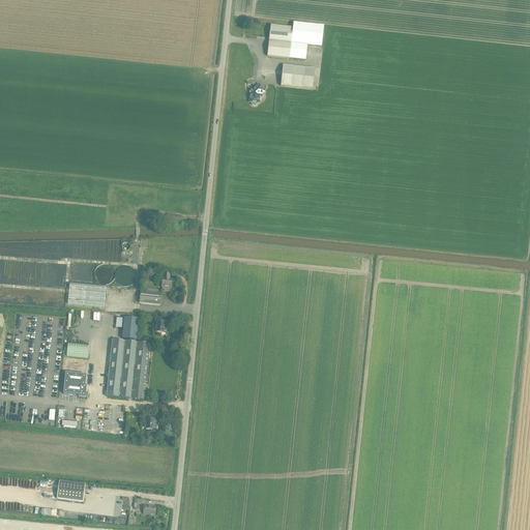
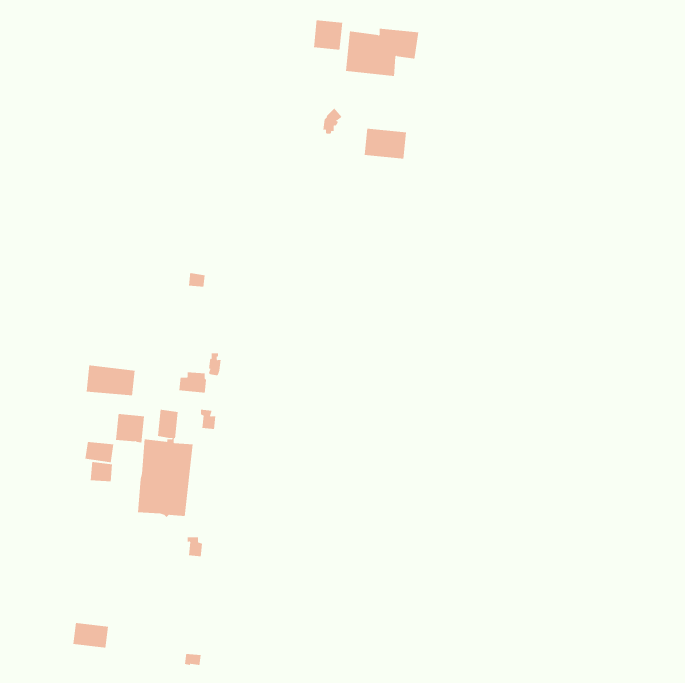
building: none -> [313,19,343,50]
building: [281,63,314,87] -> [364,128,407,159]
building: [62,372,85,394] -> [115,413,145,443]

